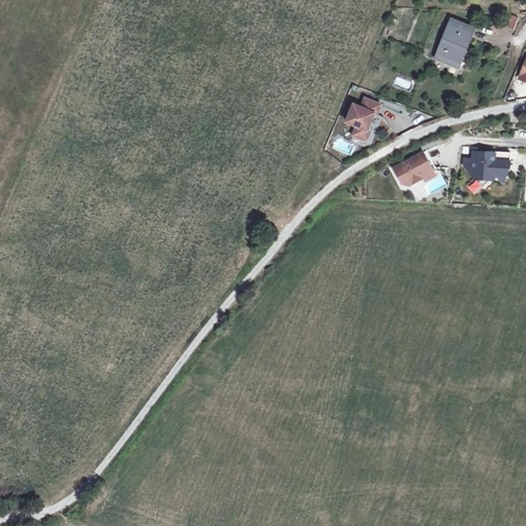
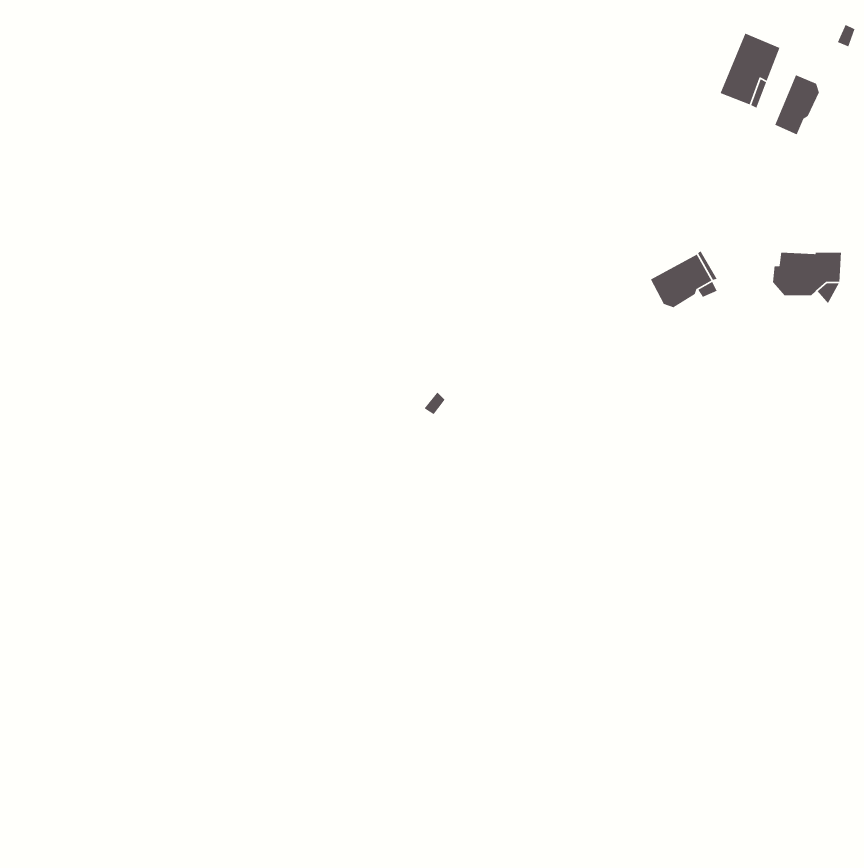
building: none -> [774,74,820,135]
building: [347,98,380,140] -> none

